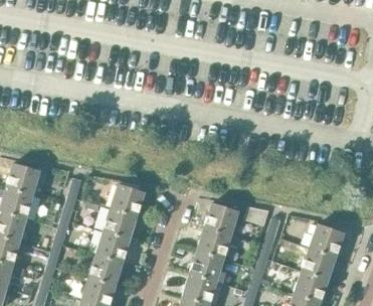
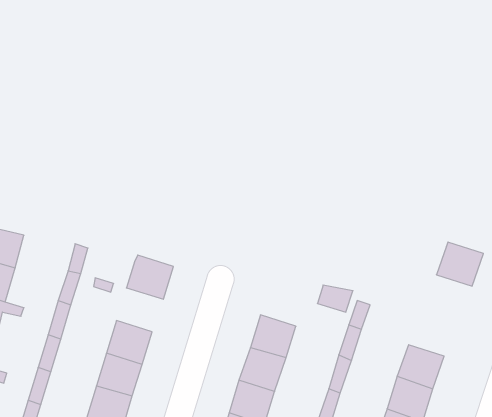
building: [204,203,236,235] -> none
building: [103,207,136,239] -> none
building: [309,224,342,256] -> [436,242,483,286]

